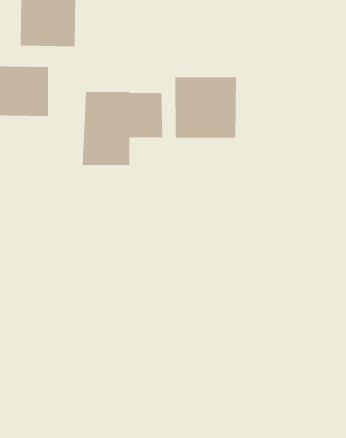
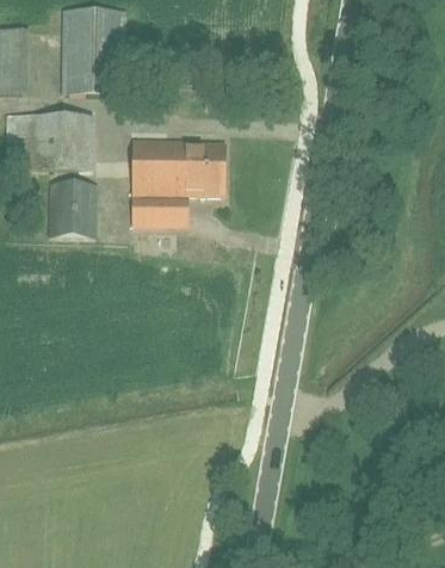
building: [175,77,237,138] -> none
building: none -> [48,181,97,236]

